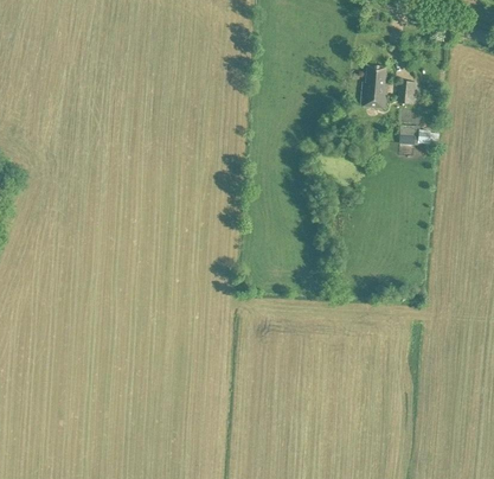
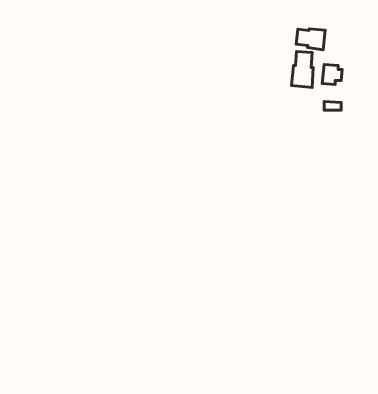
building: none -> [296,29,325,50]

